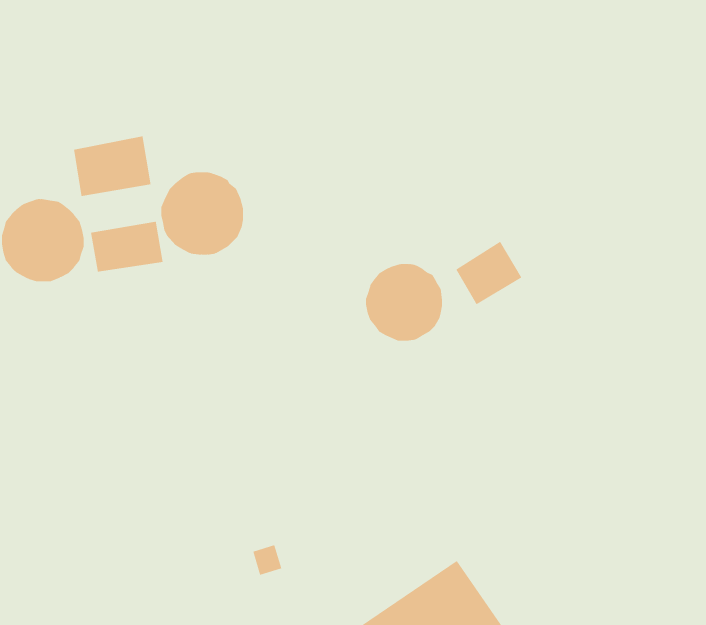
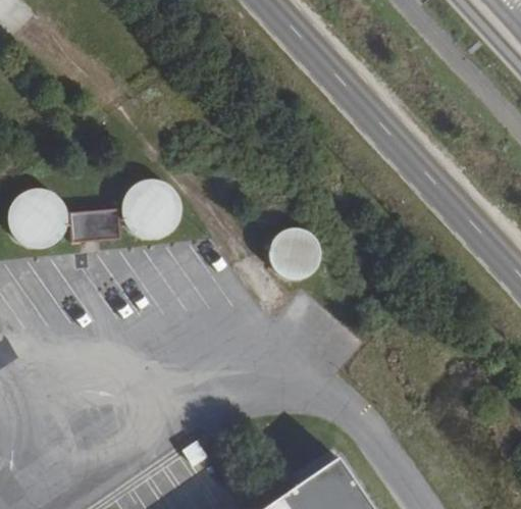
building: [73,136,151,197] -> none
building: [455,241,522,305] -> none

